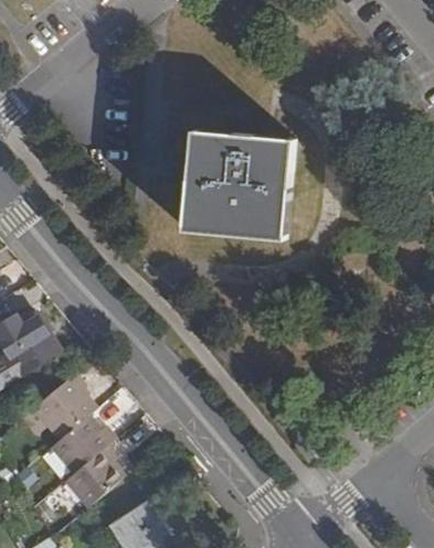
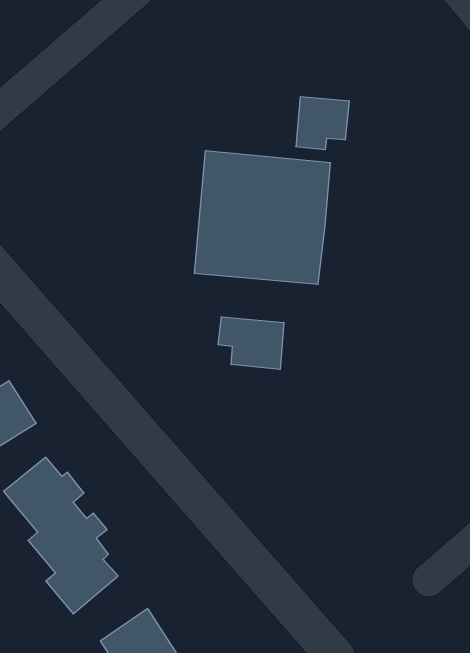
building: none -> [296,97,349,150]
building: none -> [218,317,284,370]

